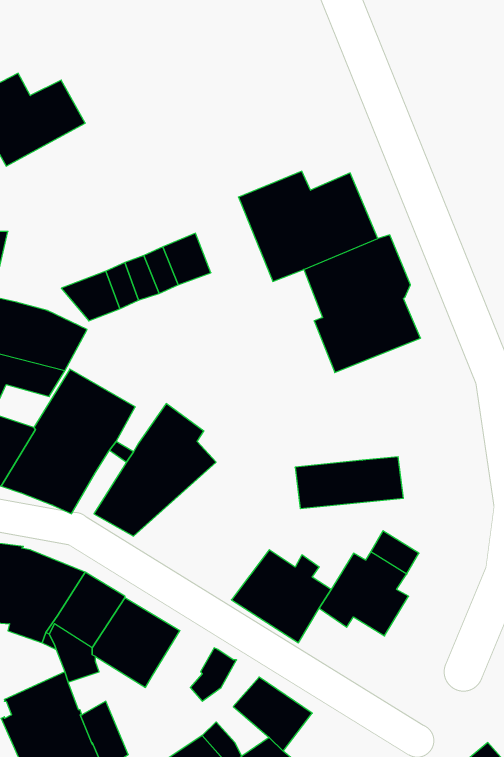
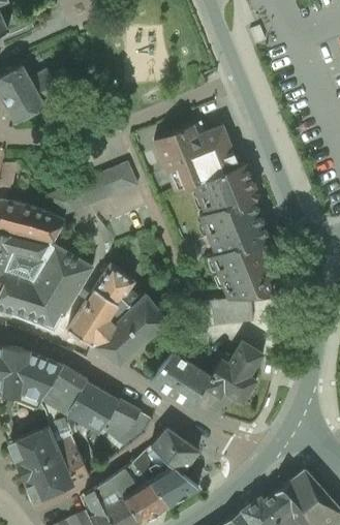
building: none -> [211,225,277,299]
building: none -> [91,295,168,365]
building: none -> [102,400,140,441]

